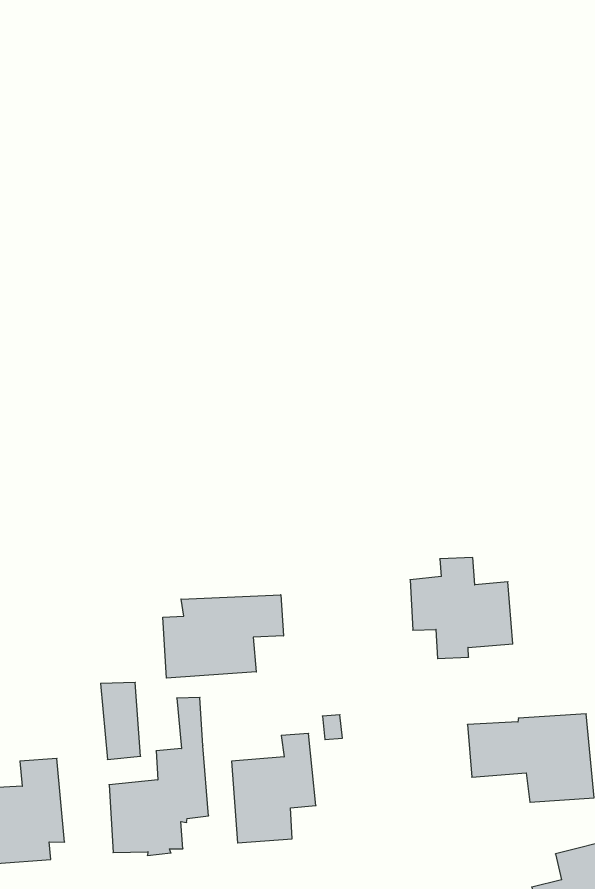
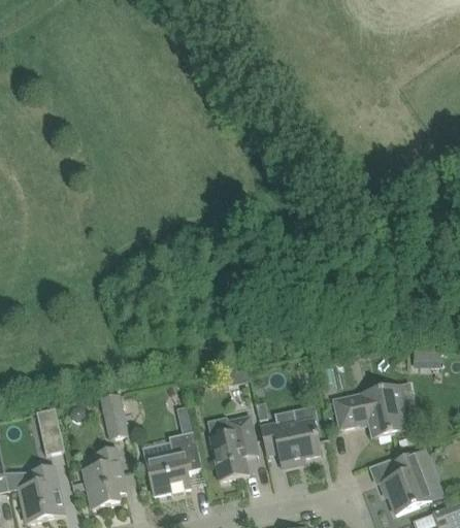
building: [410,558,513,659] -> [260,408,320,465]
building: [163,595,283,678] -> none
building: [101,682,141,759] -> [100,393,127,436]

